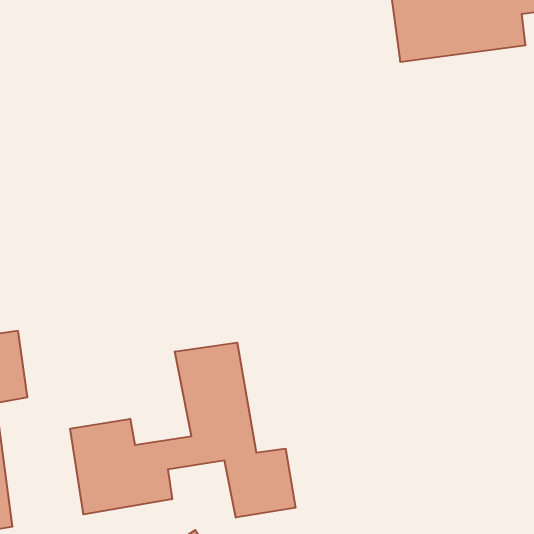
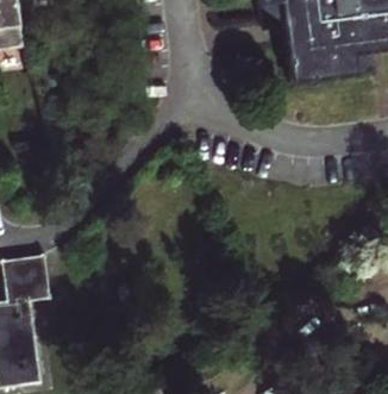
building: [70,343,296,518] -> none

